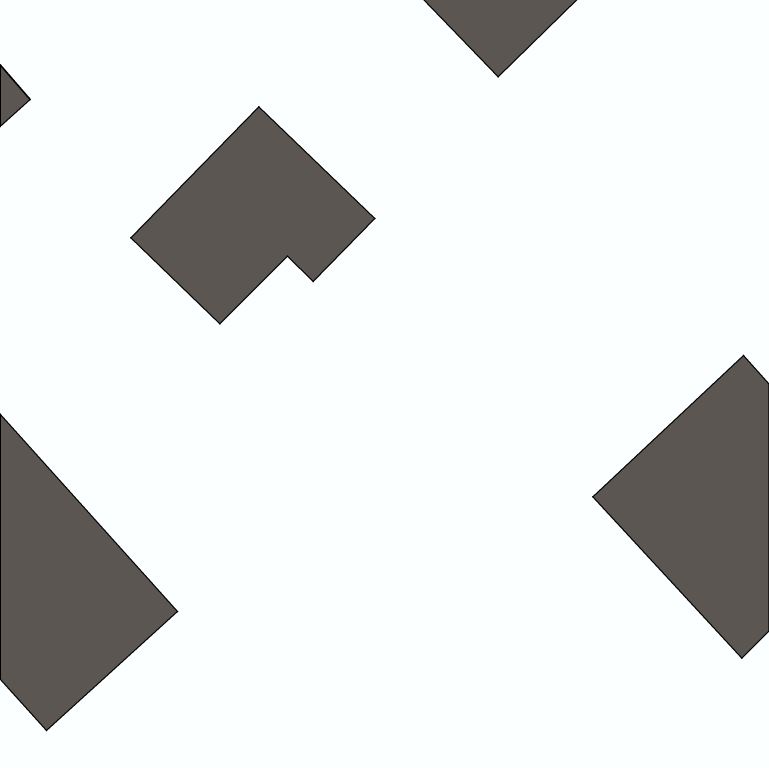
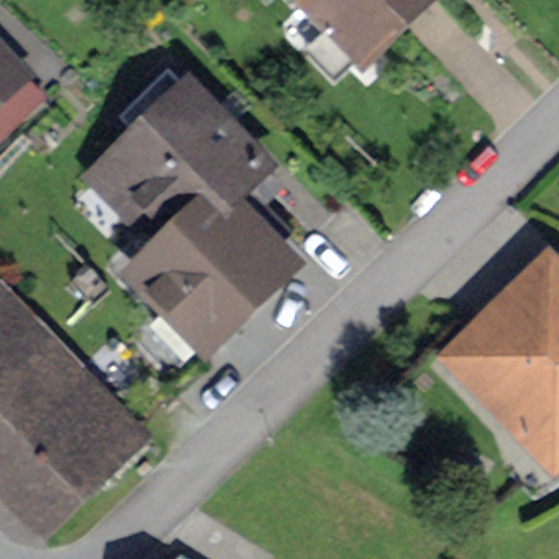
building: none -> [131,186,290,345]

